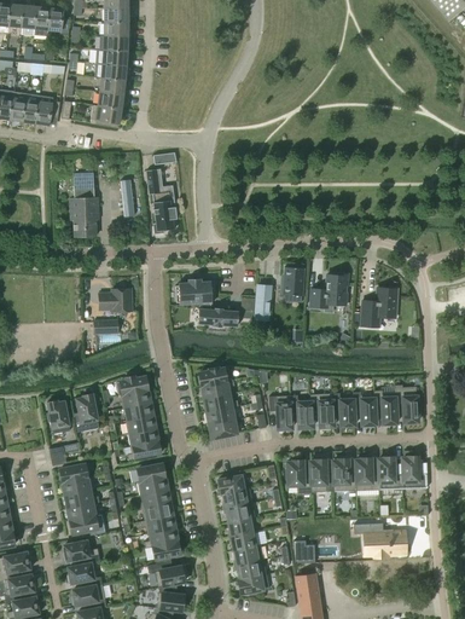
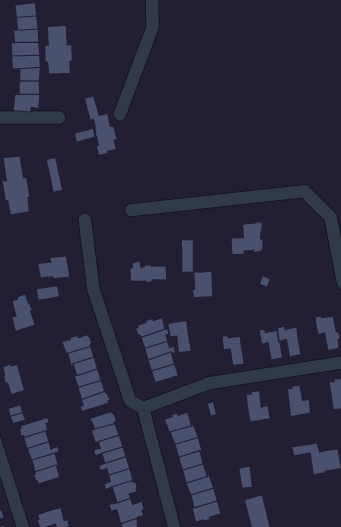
building: none -> [45,25,72,74]
building: [145,168,176,233] -> [84,96,118,155]
building: [280,266,304,295] -> [192,271,213,298]
building: [175,278,215,305] -> none
building: [361,287,396,326] -> none
building: [373,389,396,423] -> none
building: [74,392,99,432] -> [11,294,36,332]
building: [310,392,333,427] -> none
building: [268,394,291,428] -> [167,320,191,352]
building: [377,456,402,488] -> none
building: [332,457,355,490] -> none
building: [284,458,310,494] -> none
building: [63,539,99,563] -> none

